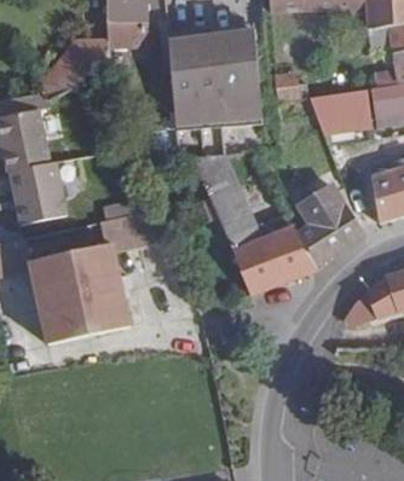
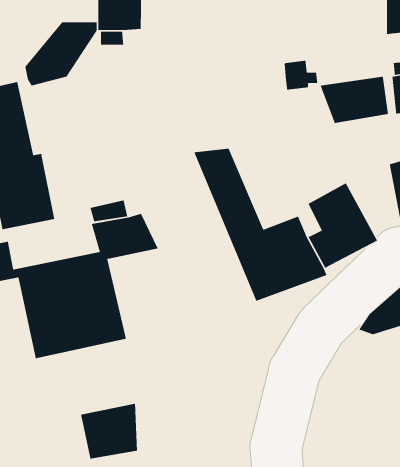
building: [166,31,261,126] -> none
building: none -> [80,403,138,460]

